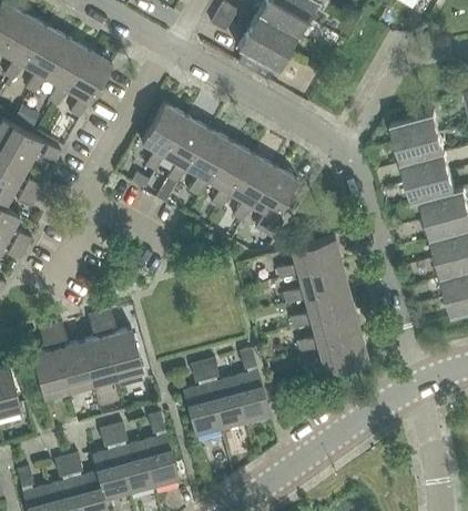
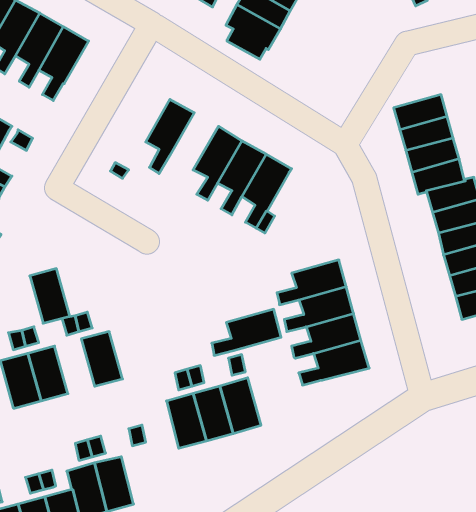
building: [140,103,185,171] -> none
building: [185,129,230,196] -> none
building: [276,237,339,279] -> [212,309,281,355]
building: [80,335,116,385] -> [30,269,70,323]
building: [141,435,177,486] -> none

